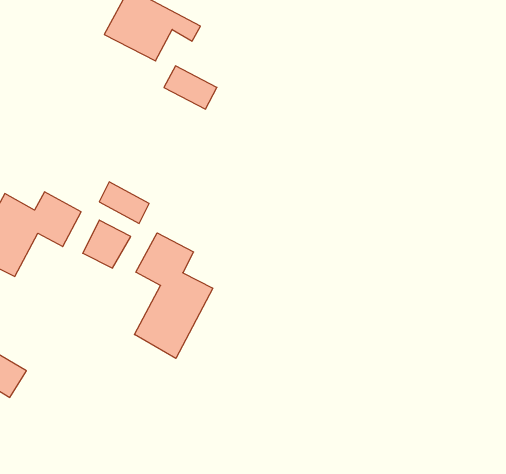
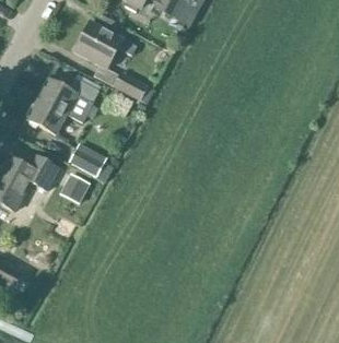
building: none -> [26,76,97,133]
building: [134,233,213,358] -> none

